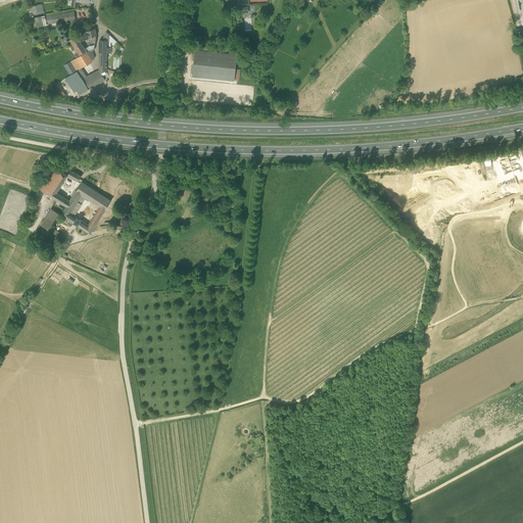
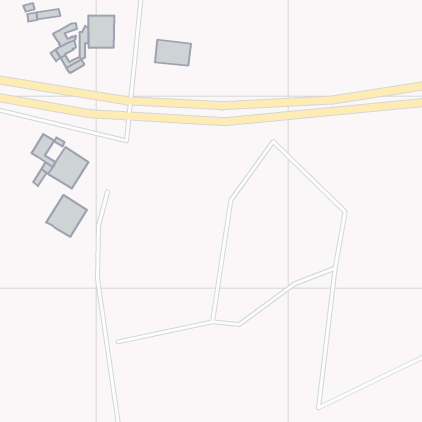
building: none -> [88,15,114,48]
building: none -> [46,195,87,237]

